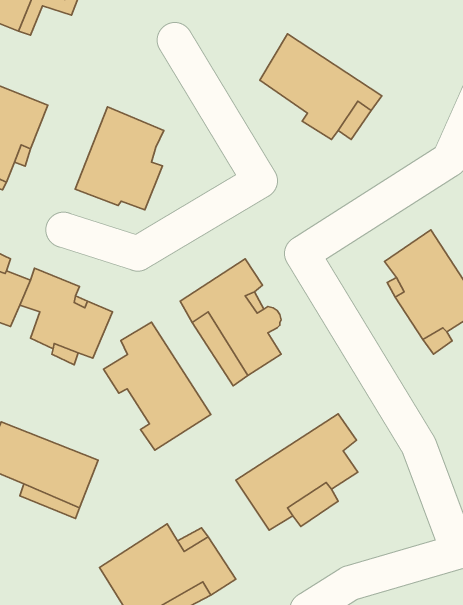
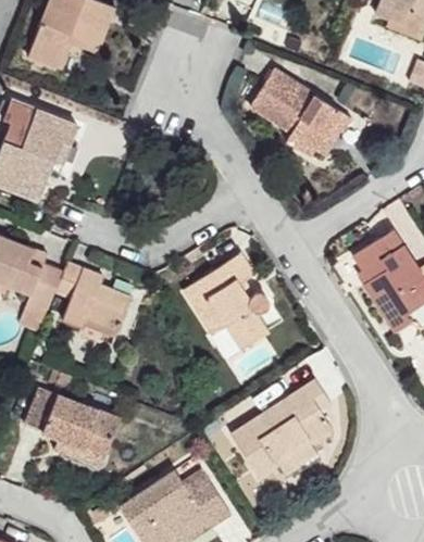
building: [75,107,164,210] -> none
building: [103,322,211,450] -> none

